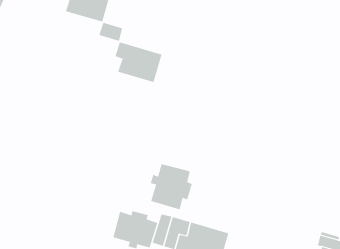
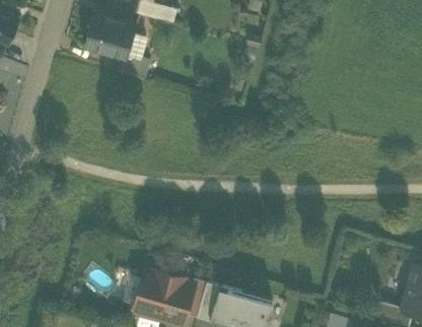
building: [115,41,162,83] -> none
building: [150,163,193,210] -> none

